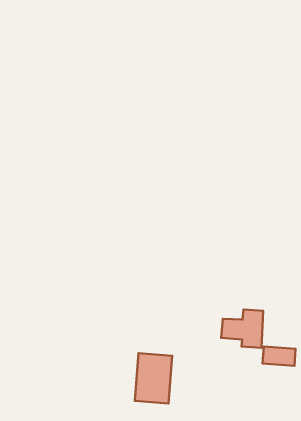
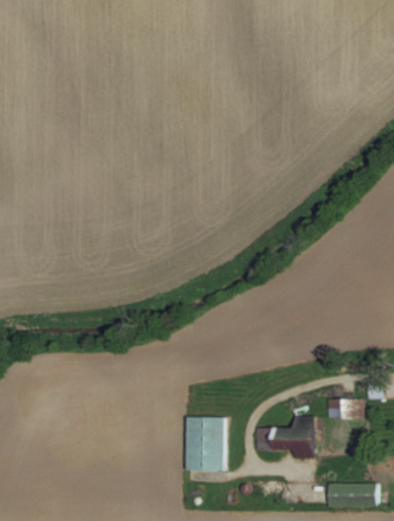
building: [221,310,263,348] -> [270,417,315,458]

